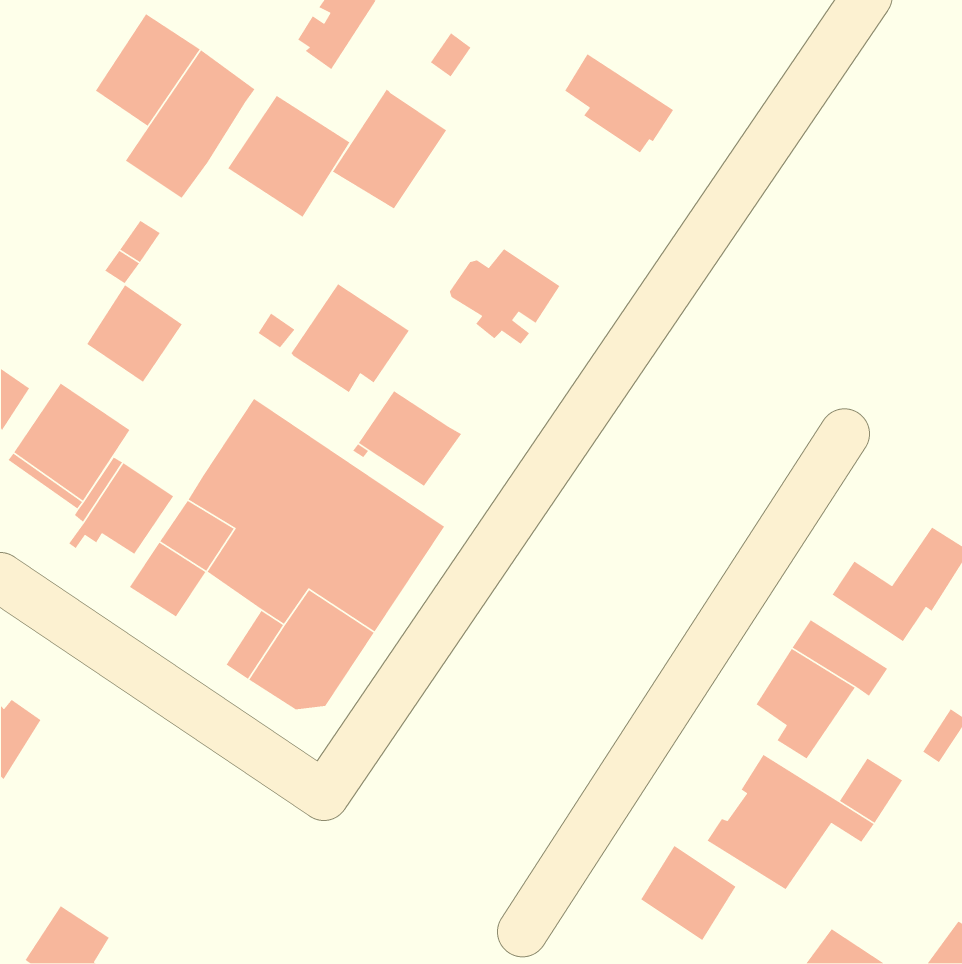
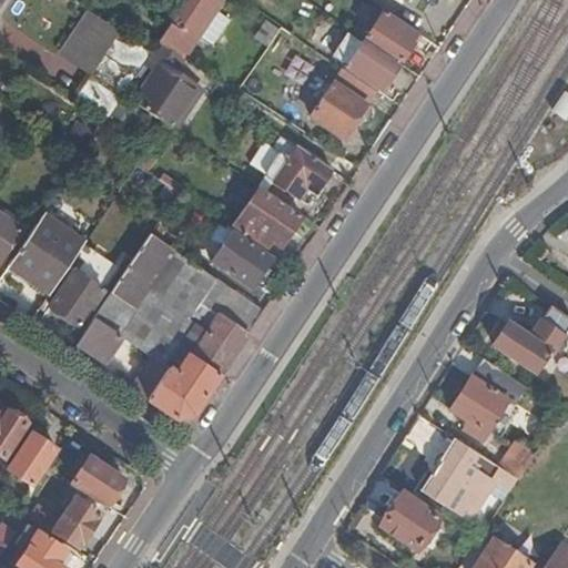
building: none -> [369,8,418,58]
building: [332,88,447,210] -> [311,65,378,136]
building: [290,283,410,393] -> [232,185,302,250]
building: [86,284,183,383] -> none
building: none -> [10,433,57,484]
building: none -> [73,454,125,504]
building: none -> [32,495,103,547]

